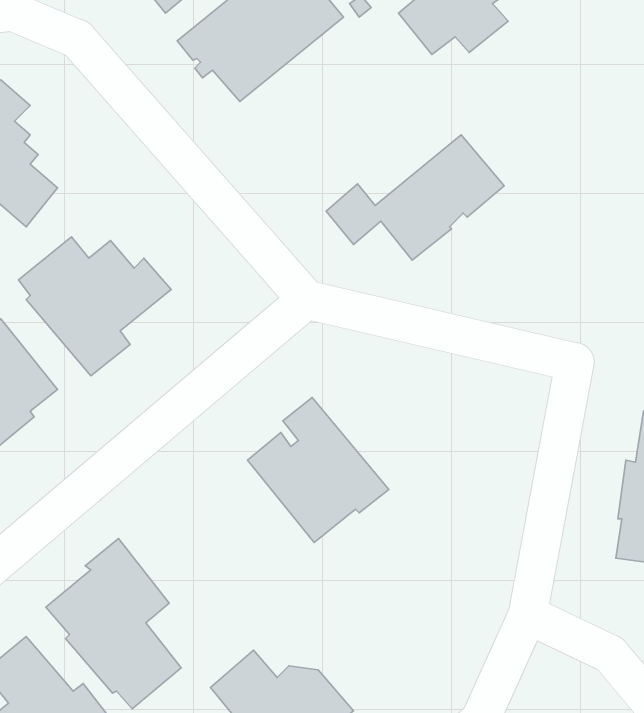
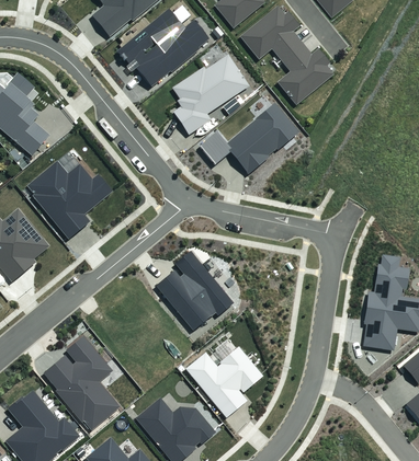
building: none -> [278,43,335,107]
building: none -> [172,56,250,137]
building: none -> [184,343,262,415]

